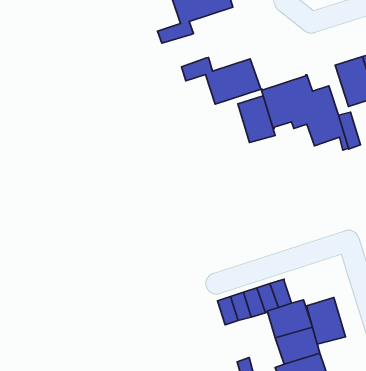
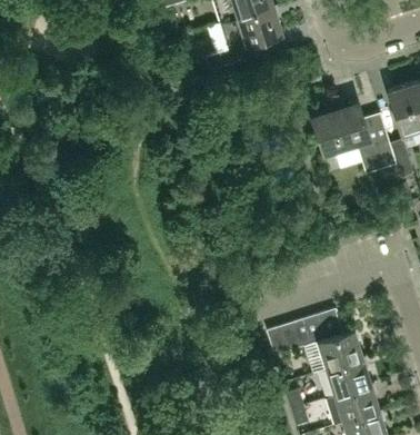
building: [182,57,261,104] -> none
building: [238,96,275,142] -> none
building: [306,298,345,344] -> none

